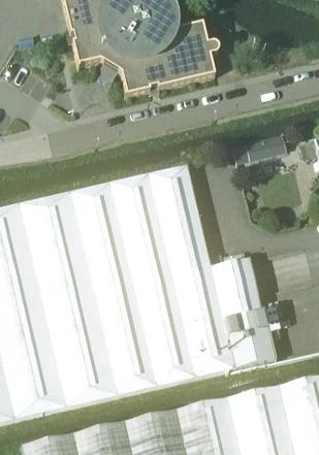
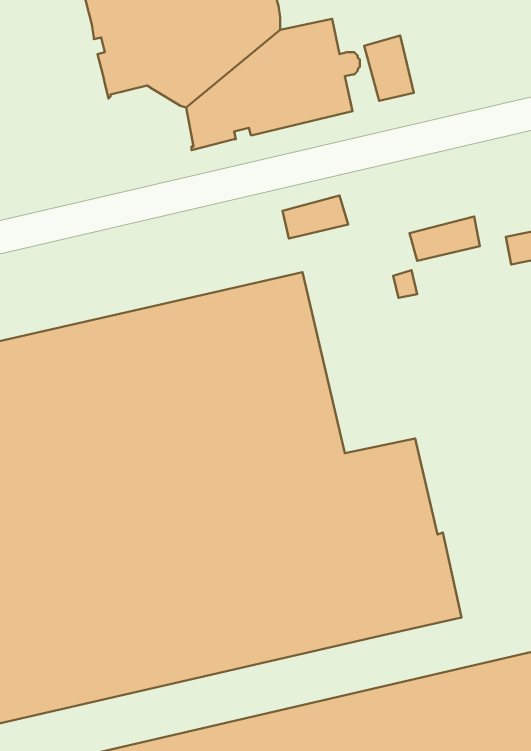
building: none -> [364,35,414,101]
building: none -> [282,196,348,239]

